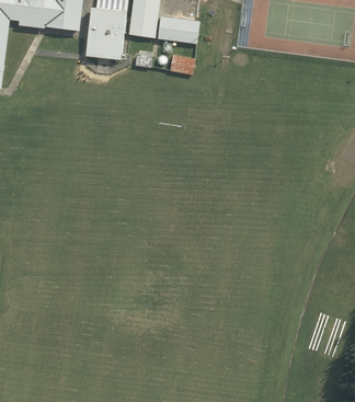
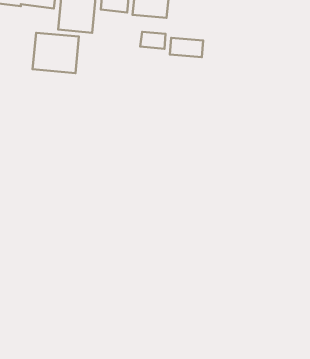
building: none -> [33,33,79,73]
building: none -> [170,38,203,57]

